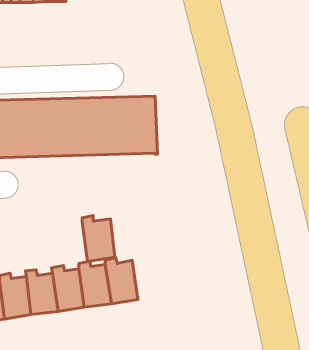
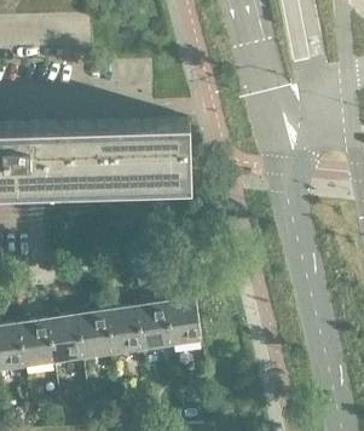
building: [82,216,115,262] -> [162,298,198,349]

